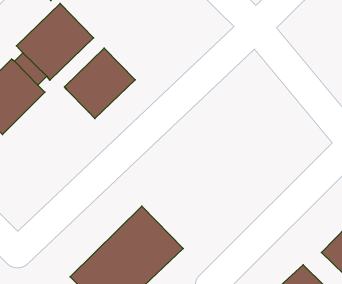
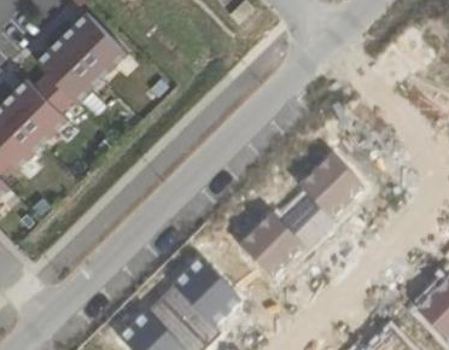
building: [65,48,135,118] -> none
building: none -> [234,151,366,282]

